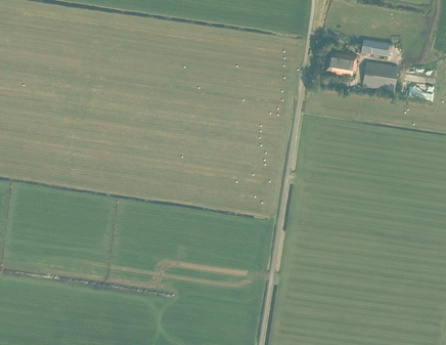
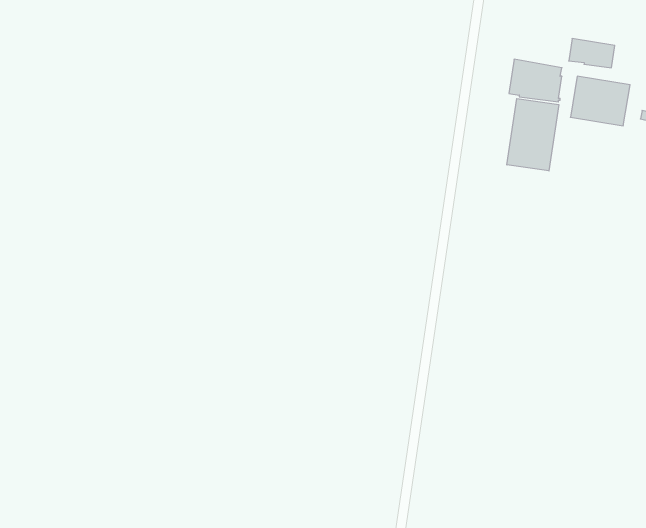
building: none -> [507,99,559,171]

